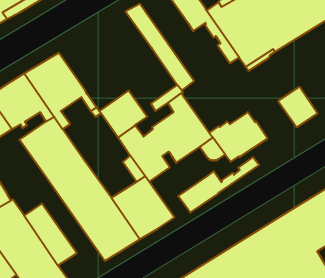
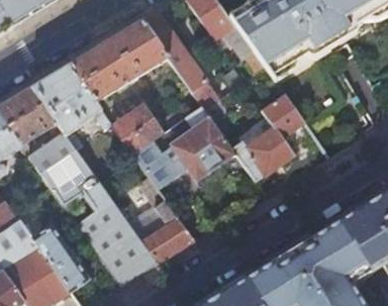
building: none -> [70,18,170,103]
building: [278,87,318,127] -> [261,94,303,137]
building: [178,157,259,213] -> none

